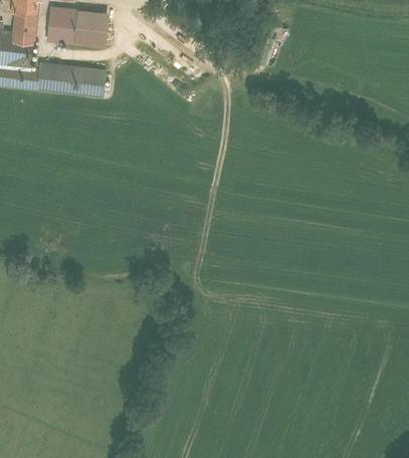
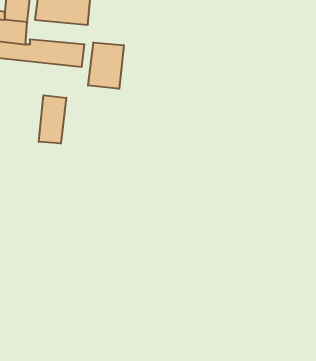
building: none -> [88,42,124,89]
building: none -> [39,95,66,144]

